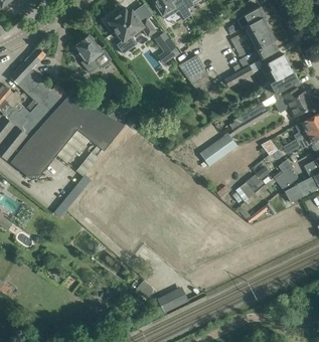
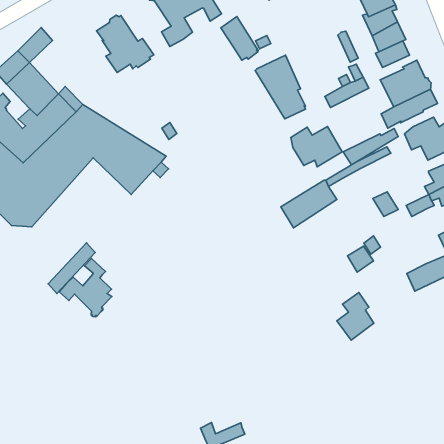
building: none -> [291,126,342,167]
building: [274,159,298,190] -> [337,293,374,340]
building: none -> [59,258,112,317]

